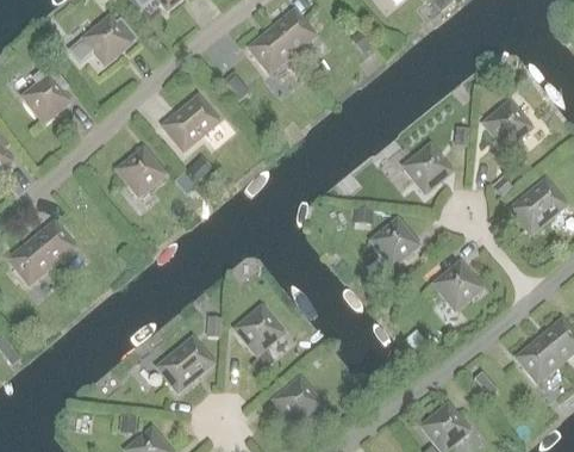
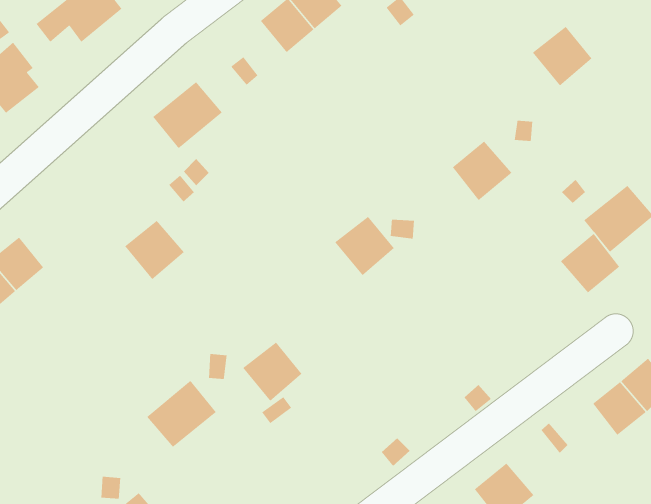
building: [482,100,531,149] -> [532,26,592,86]
building: [116,147,164,196] -> [124,220,185,280]
building: [369,218,418,267] -> [334,216,395,276]
building: [432,260,481,309] -> [560,233,620,294]
building: [273,377,322,426] -> none

